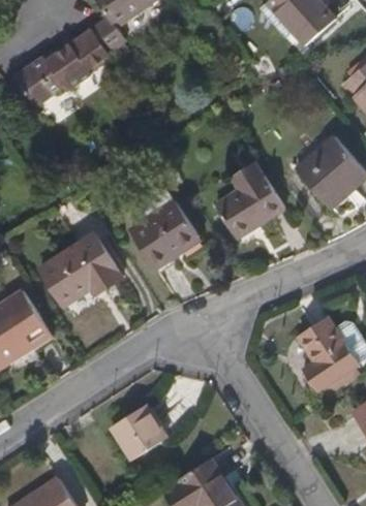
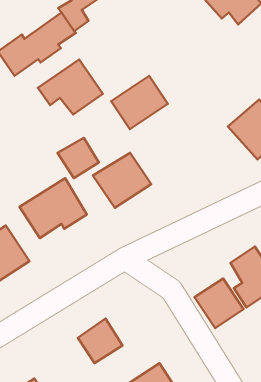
building: none -> [38,60,103,114]
building: [215,173,284,239] -> [111,76,168,129]
building: none -> [58,138,99,178]
building: none -> [194,278,243,328]

